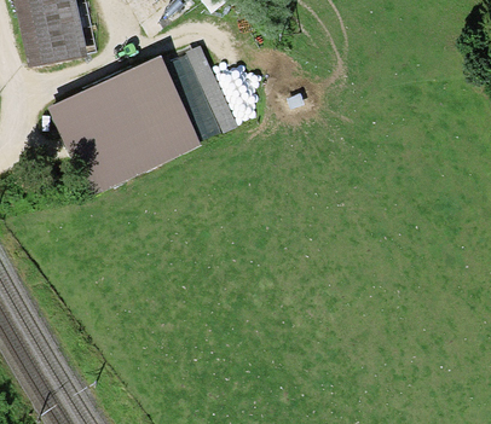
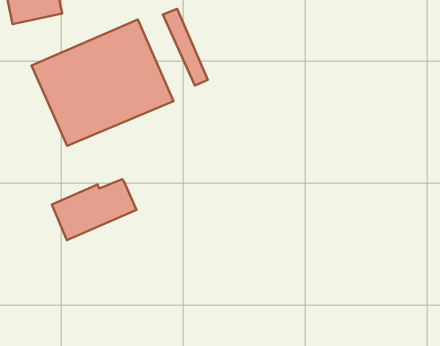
building: none -> [52,179,137,240]

